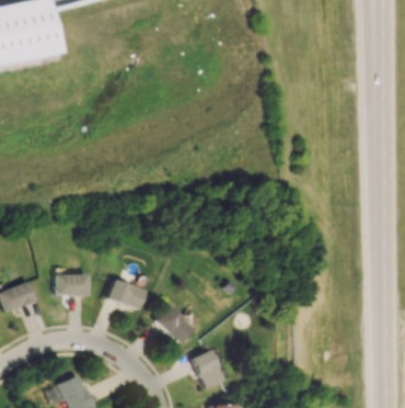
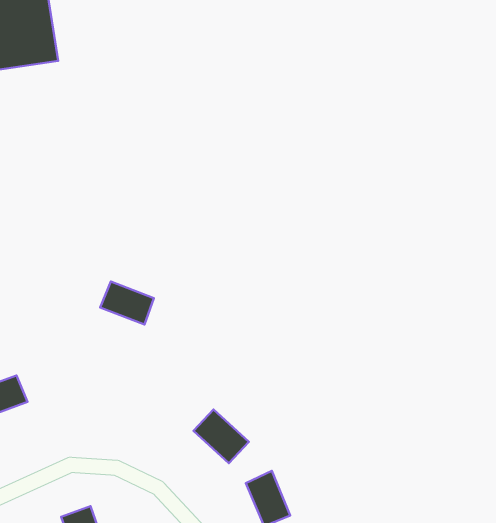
building: [56,274,89,295] -> none
building: [107,279,146,309] -> [100,281,154,324]

